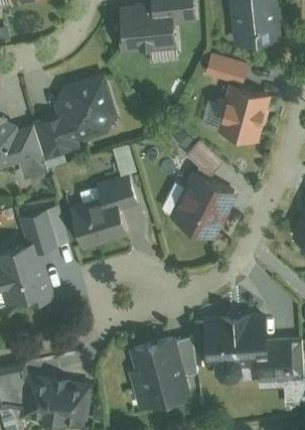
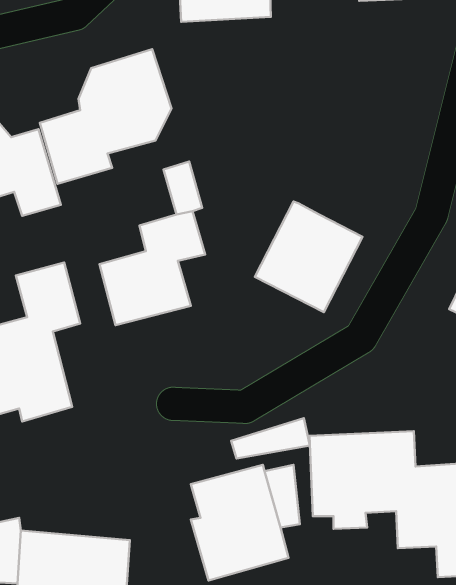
building: [204,54,270,143] -> none
building: [185,139,223,178] -> none
building: none -> [231,418,310,458]

